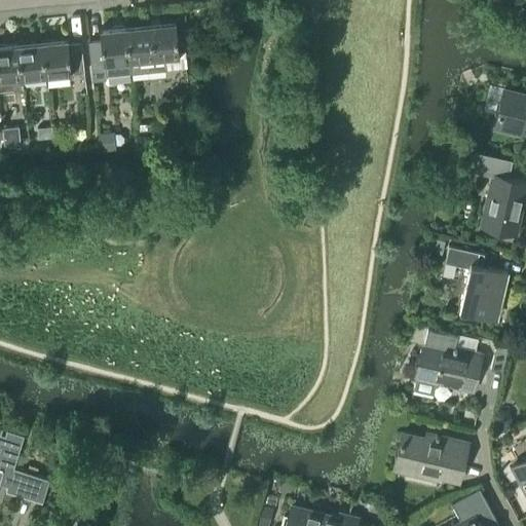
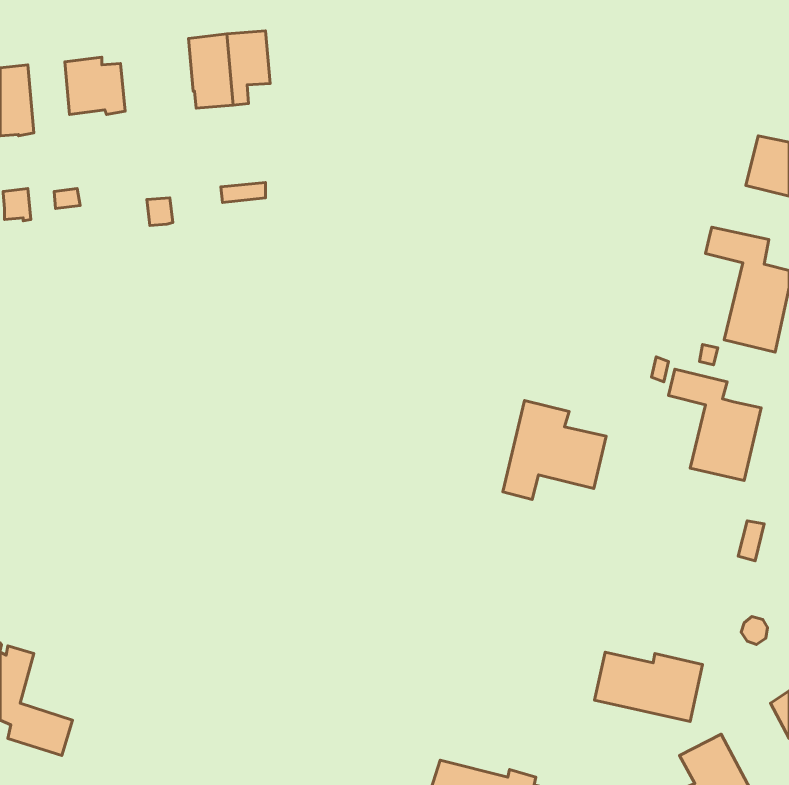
building: [88,29,130,83] -> none
building: [18,44,46,81] -> none
building: [413,333,482,399] -> [503,401,606,499]

